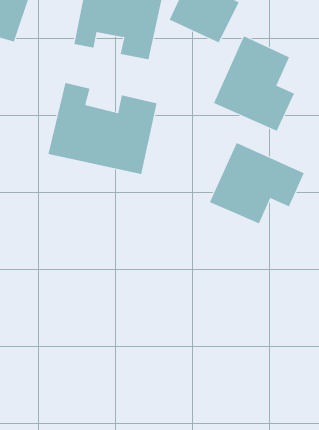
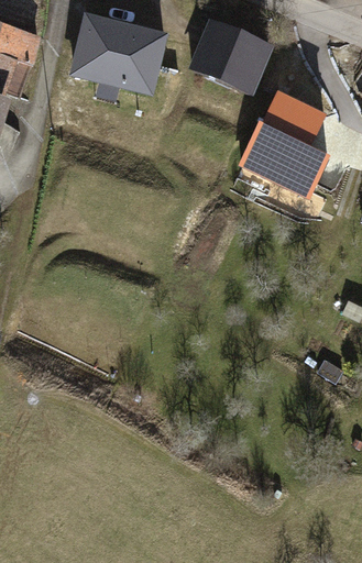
building: [48,82,157,175] -> none
building: [209,142,304,224] -> none

